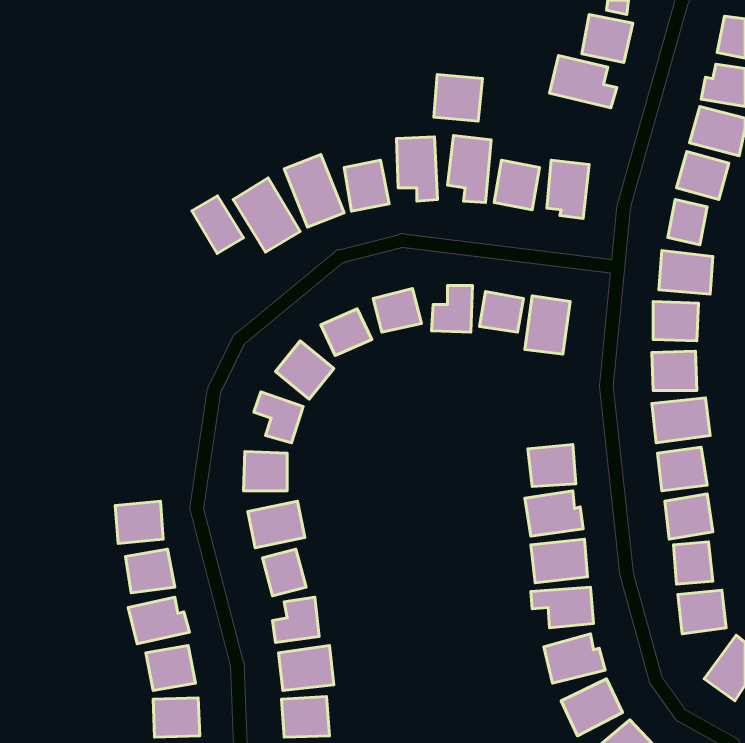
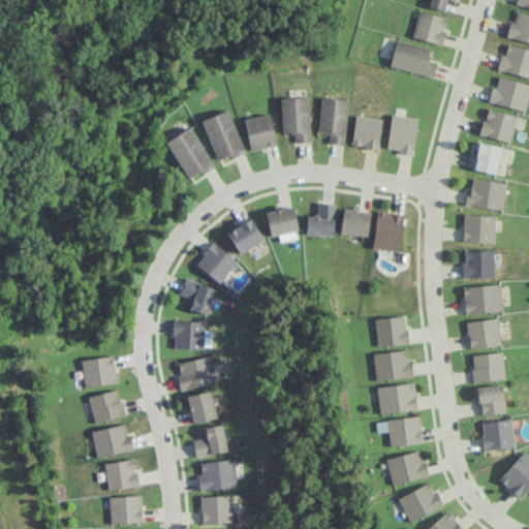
building: [434,74,483,121] -> none
building: [192,196,244,254] -> none

